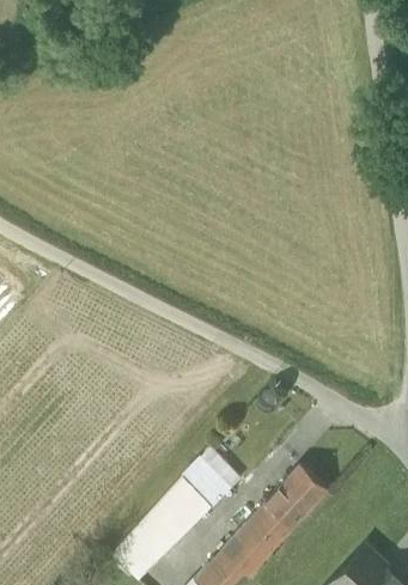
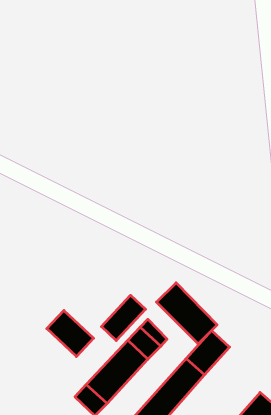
building: none -> [156,283,217,344]
building: none -> [101,295,146,341]
building: none -> [47,310,94,357]

